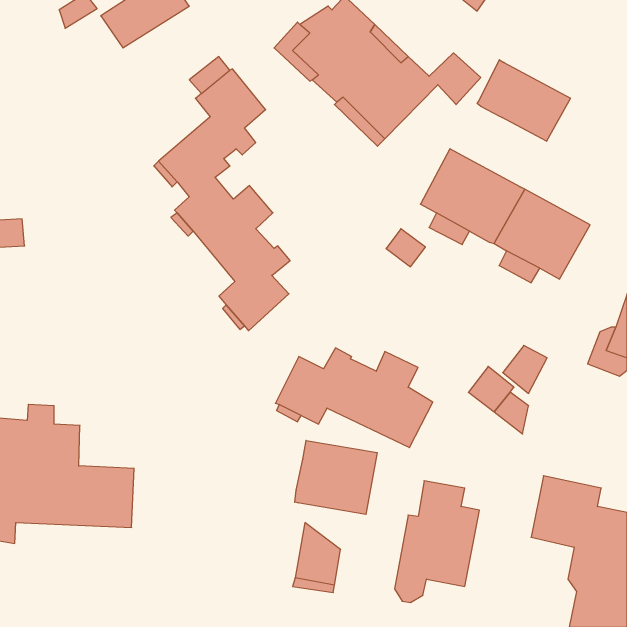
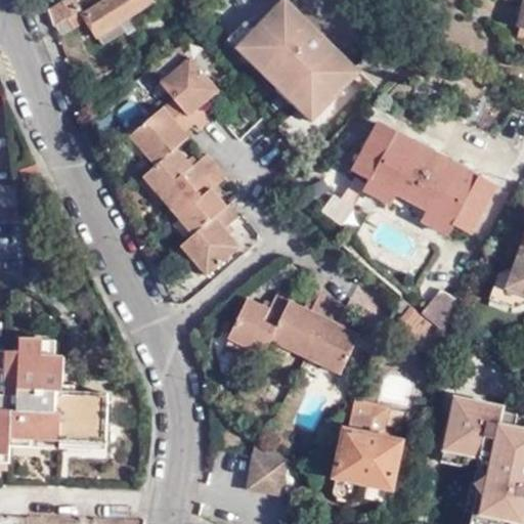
building: [477,60,570,141] -> none
building: [295,440,377,514] -> none

